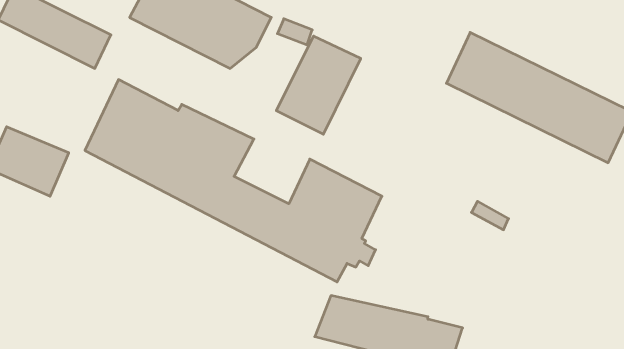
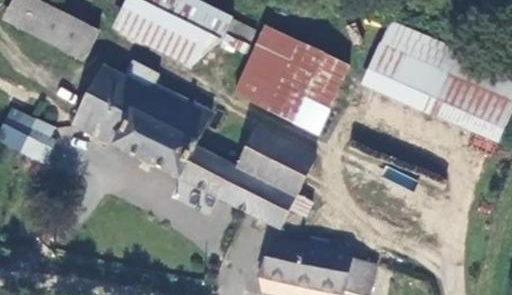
building: none -> [267,49,345,132]

